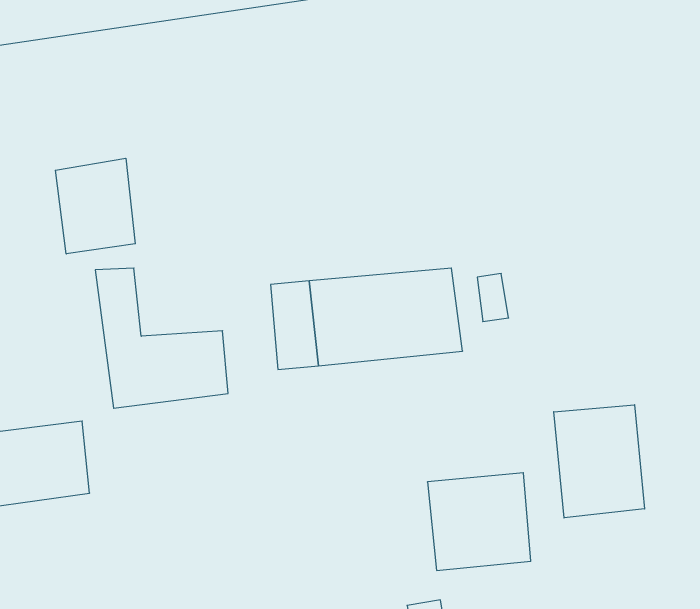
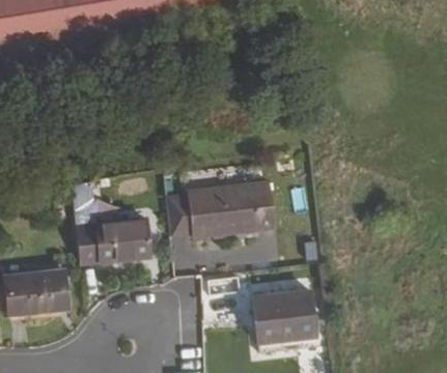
building: [55,158,135,254] -> none
building: [554,405,645,518] -> none

